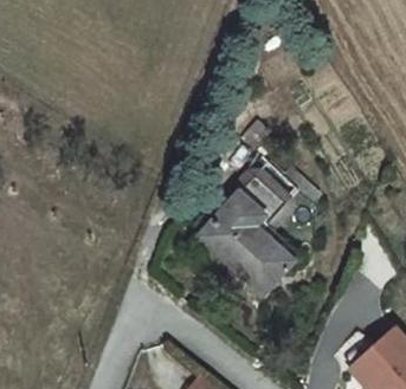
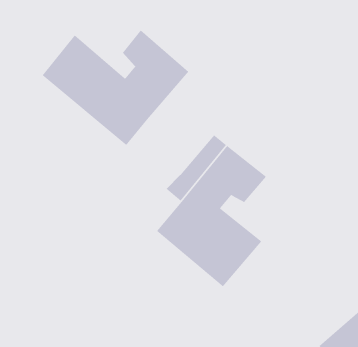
building: none -> [42,29,189,146]

